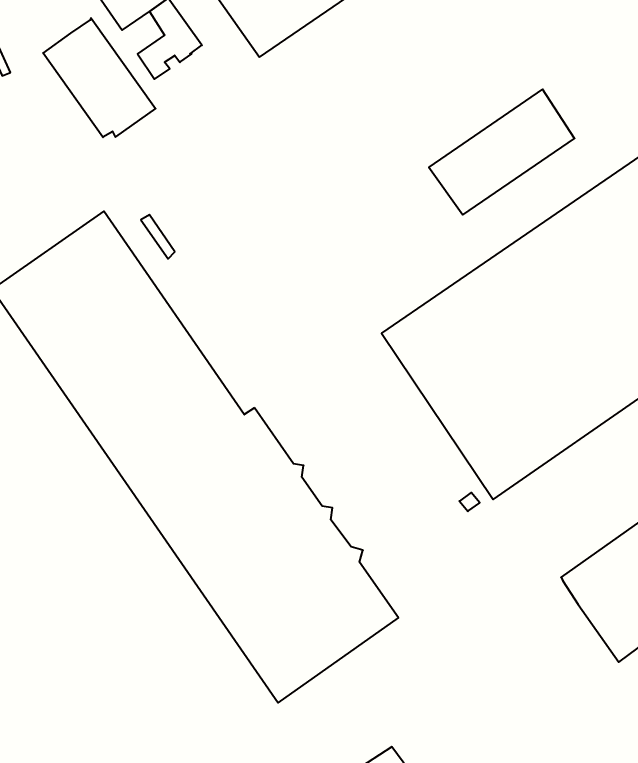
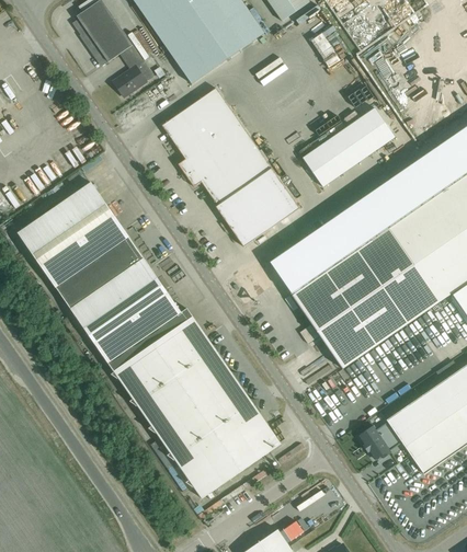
building: [43,18,156,137] -> none
building: none -> [162,87,299,245]
building: none -> [360,421,398,458]

